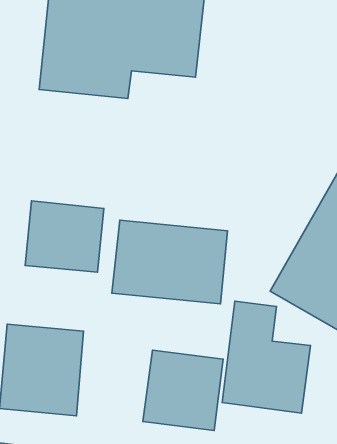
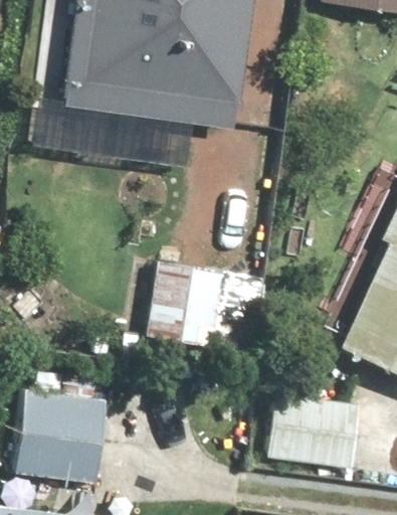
building: [25,201,104,272] -> none
building: [143,350,223,431] -> none

